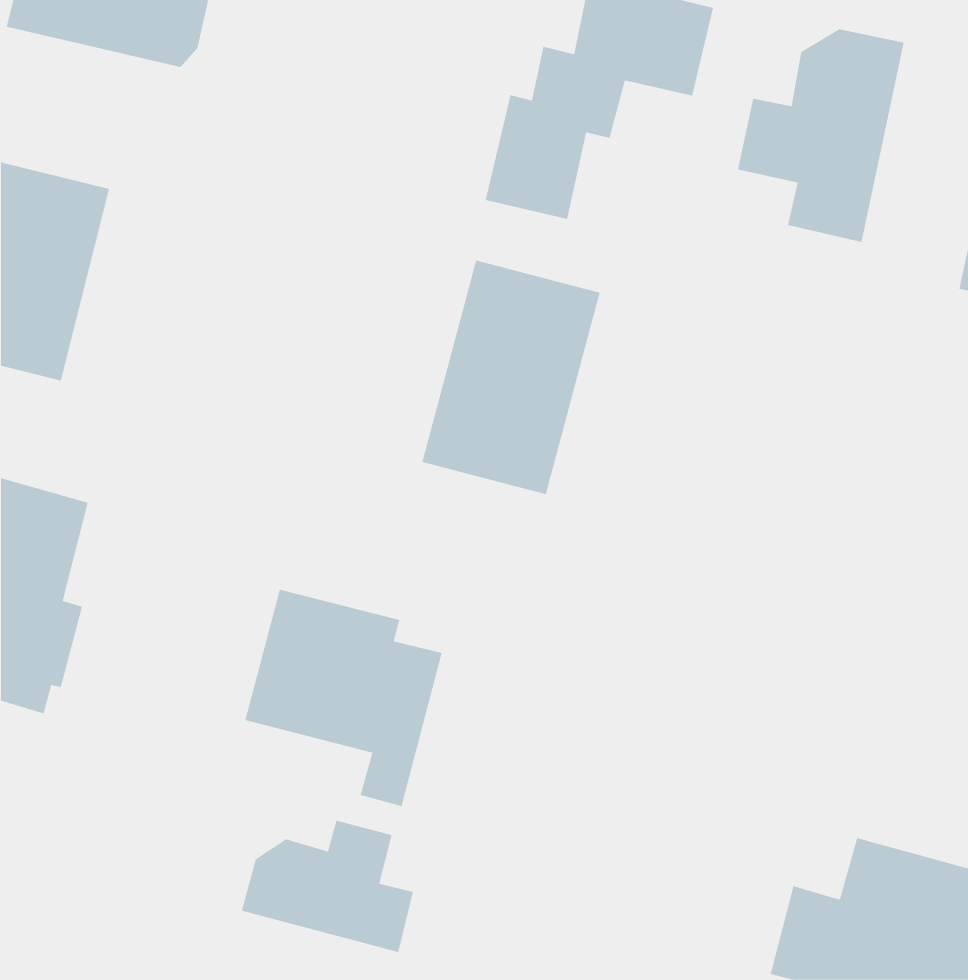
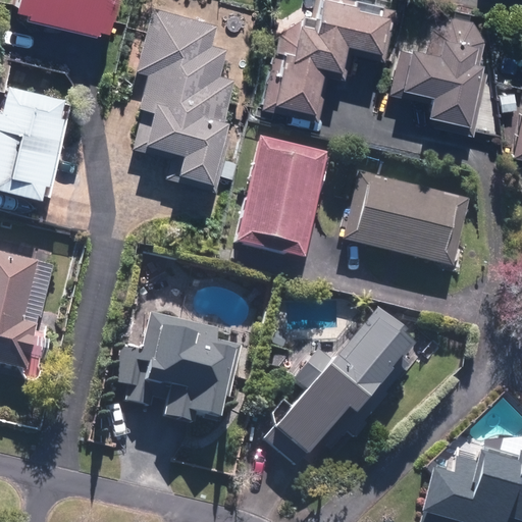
building: none -> [139,6,238,188]
building: none -> [347,175,471,269]
building: none -> [273,311,415,459]
building: [241,820,413,953] -> none

